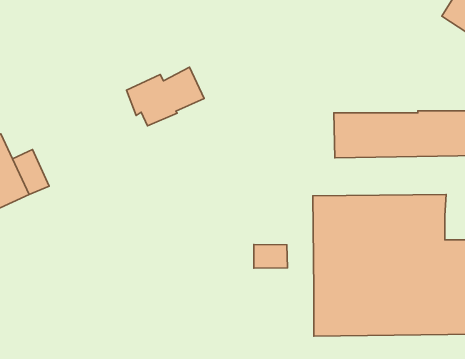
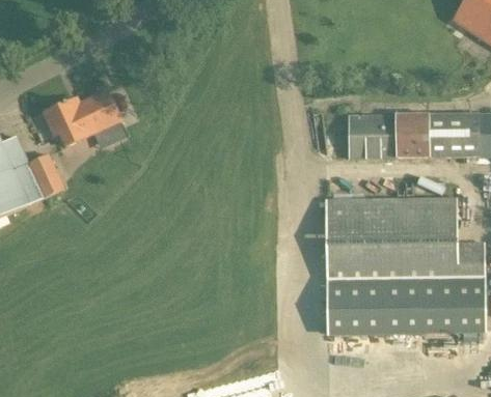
building: [127,67,204,126] -> [45,89,121,147]
building: [254,245,288,268] -> none

